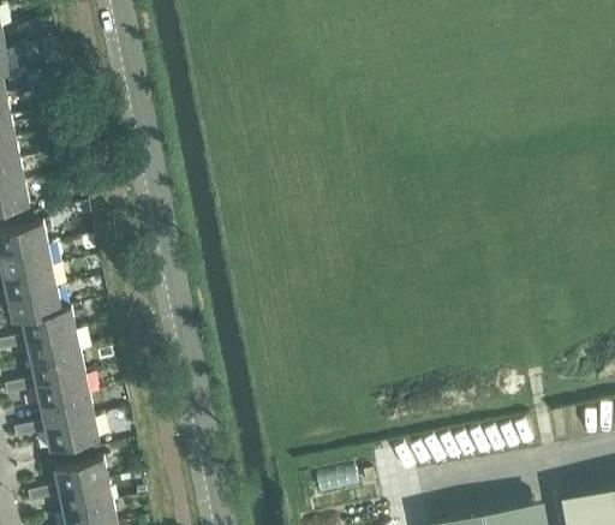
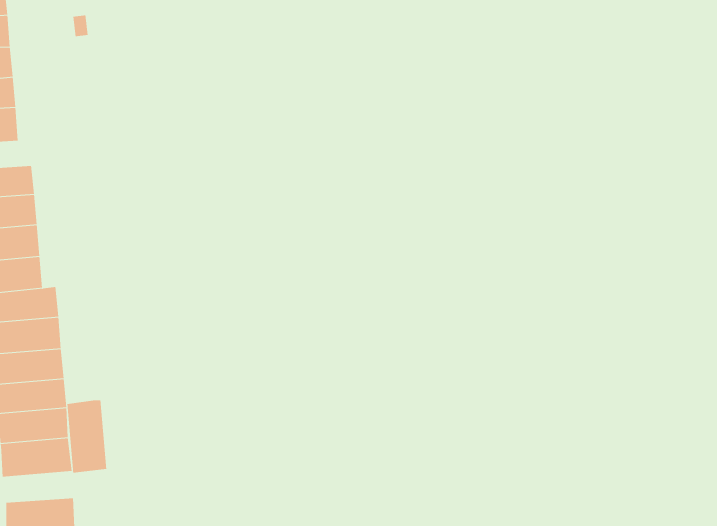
building: none -> [67,400,107,473]

